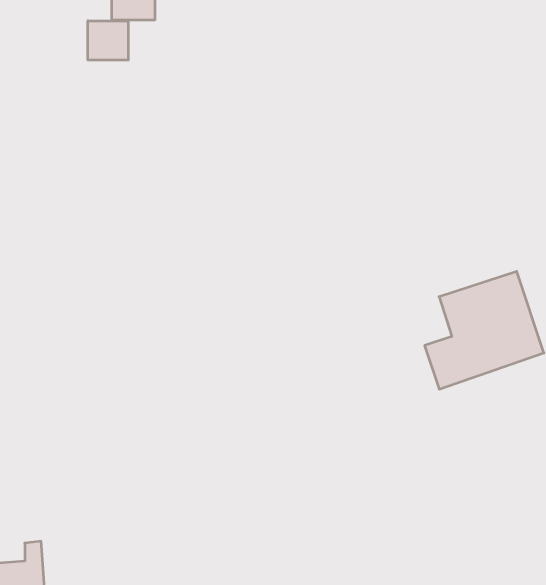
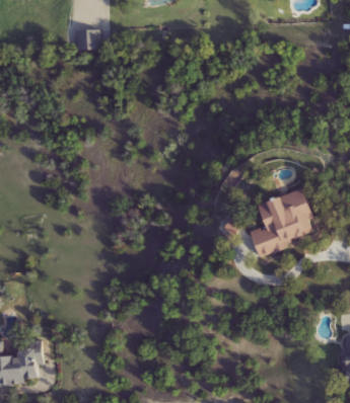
building: [88,21,128,60] -> none

